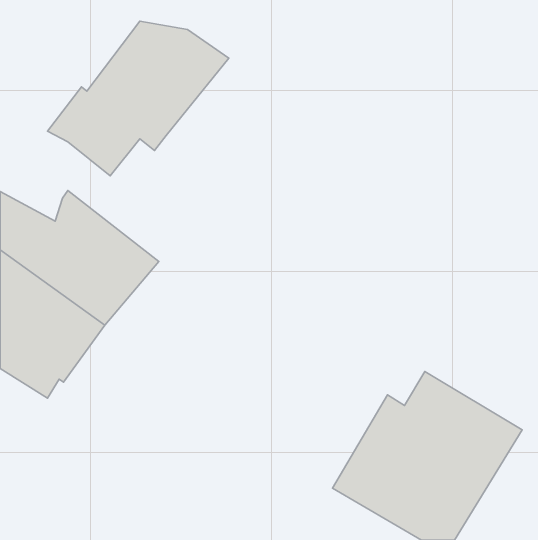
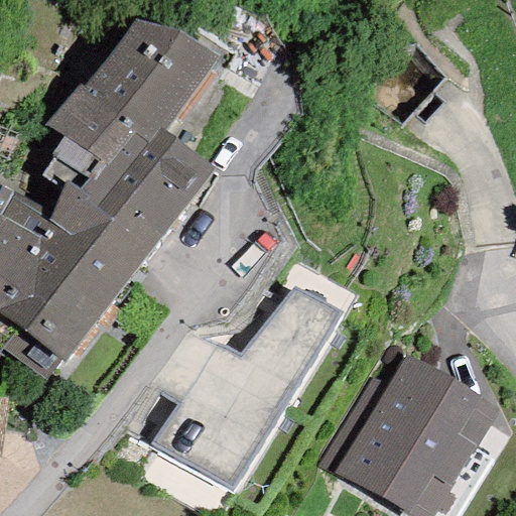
building: none -> [43,129,215,249]
building: none -> [152,287,343,491]

